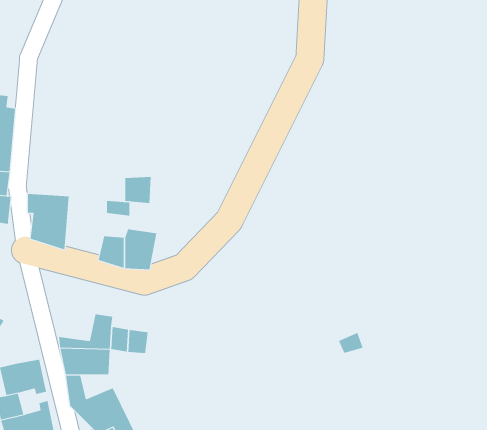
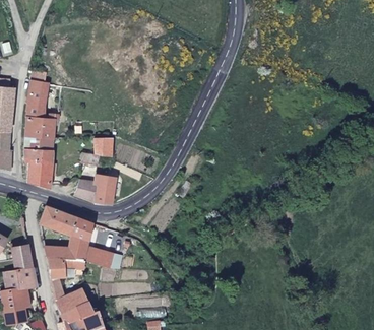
building: none -> [28,72,63,140]
building: none -> [42,205,88,237]
building: none -> [9,240,33,270]

